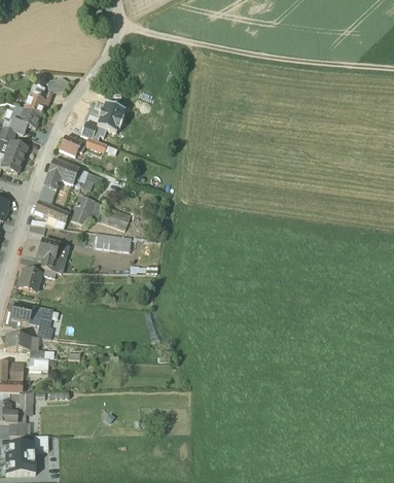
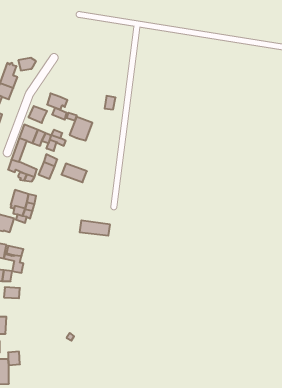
building: [97,103,124,132] -> [70,117,92,141]
building: [94,233,131,251] -> [80,220,110,236]

